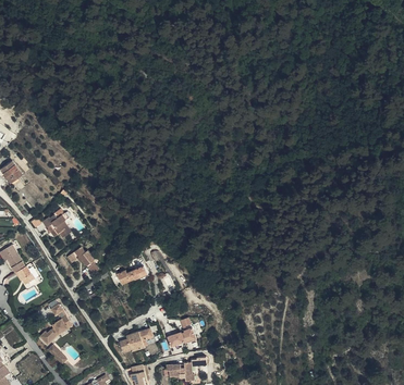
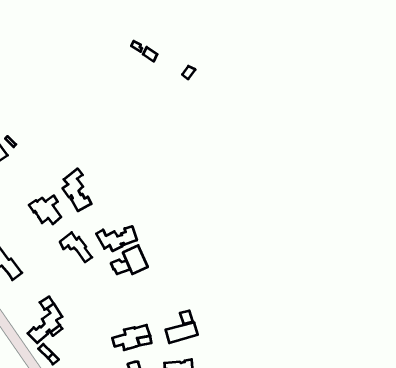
building: none -> [63,169,91,211]
building: none -> [96,226,137,251]

